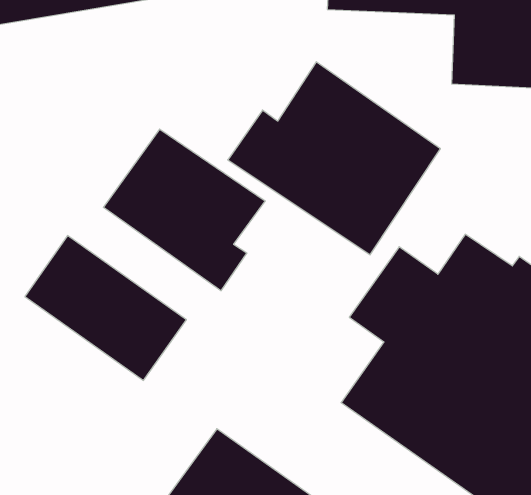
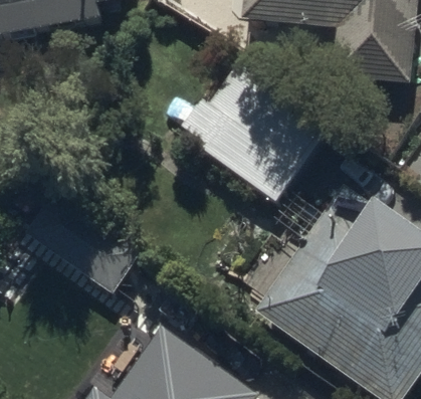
building: [103,129,265,291] -> none

